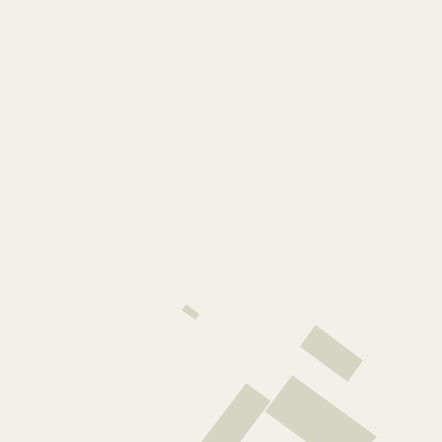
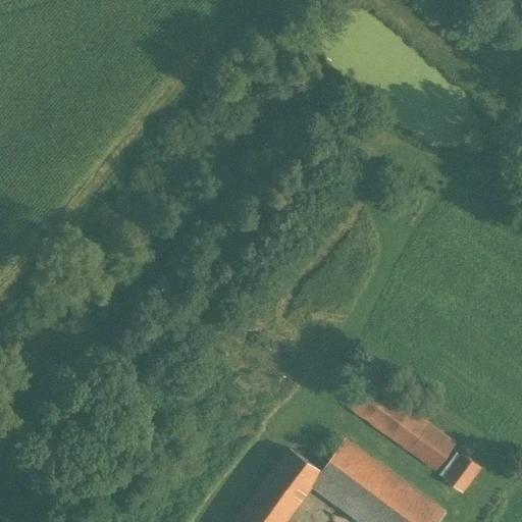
building: none -> [411,425,456,470]
building: none -> [446,456,480,492]

